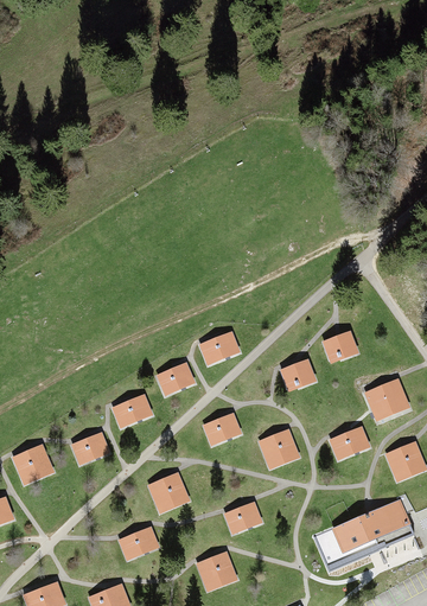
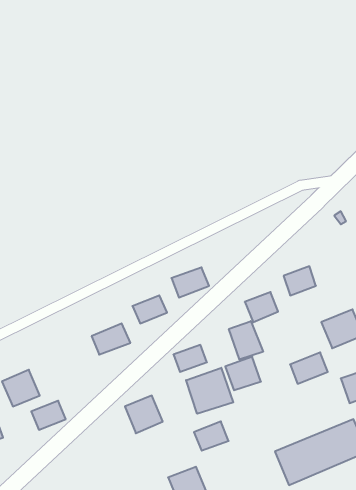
building: none -> [229,321,263,360]
building: [71,433,109,465] -> [31,401,66,430]
building: none -> [186,368,233,414]
building: [117,527,159,561] -> none

